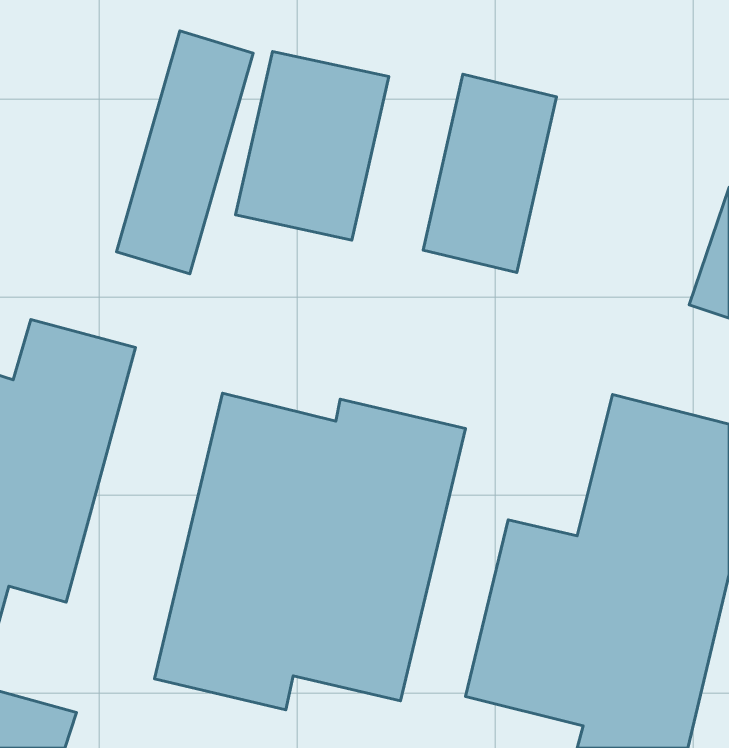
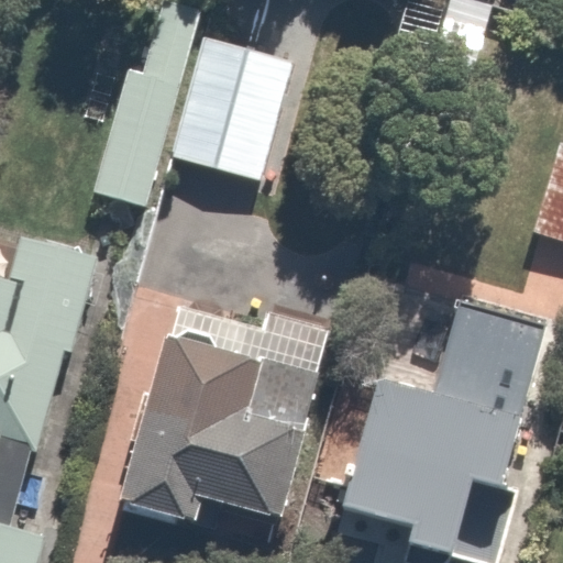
building: [423,74,557,273] -> none

